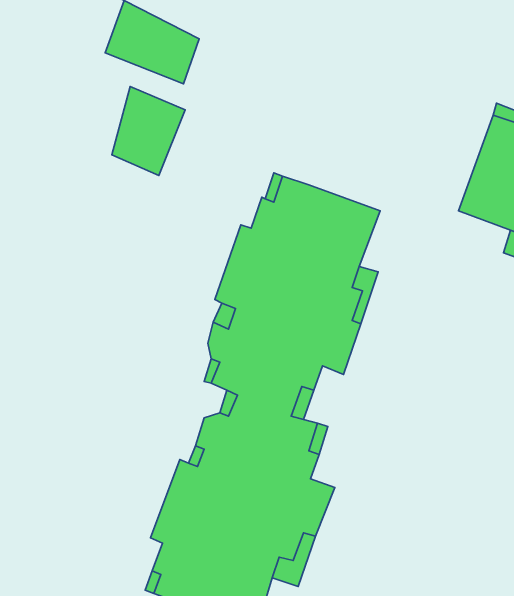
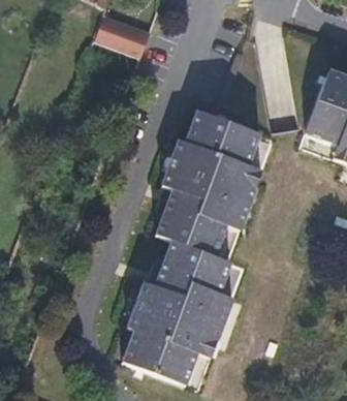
building: [112,87,185,176] -> none

